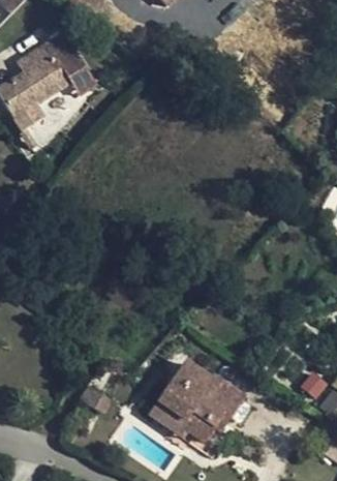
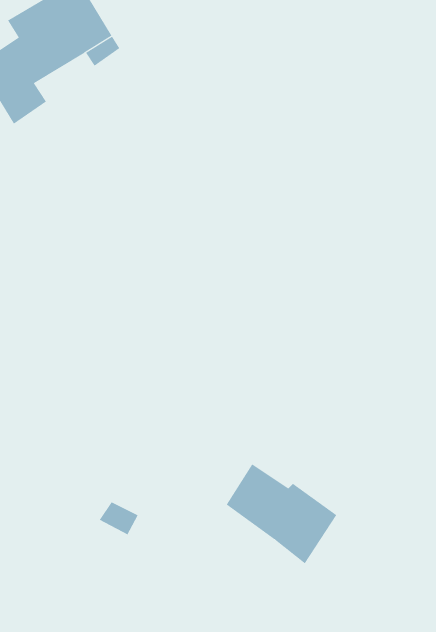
building: [147,389,224,455] -> none

